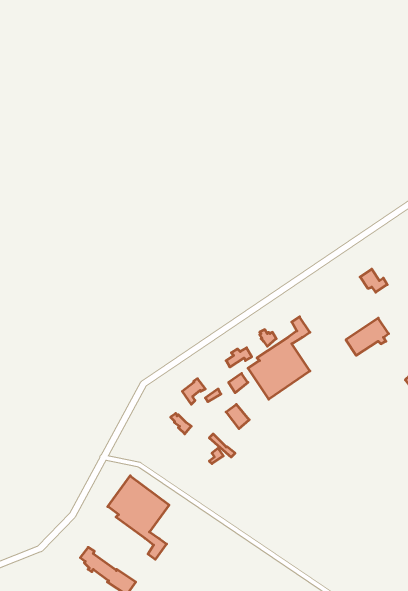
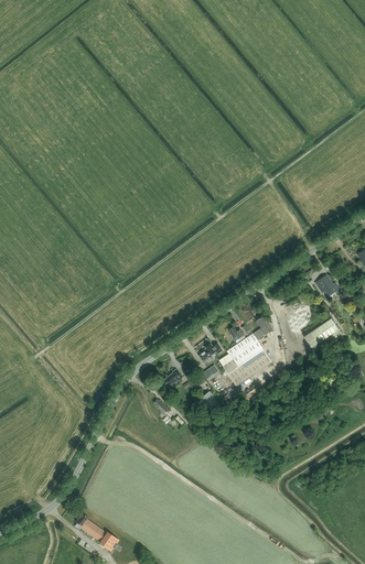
building: [108,476,169,559] -> none

